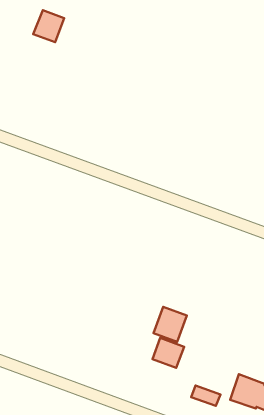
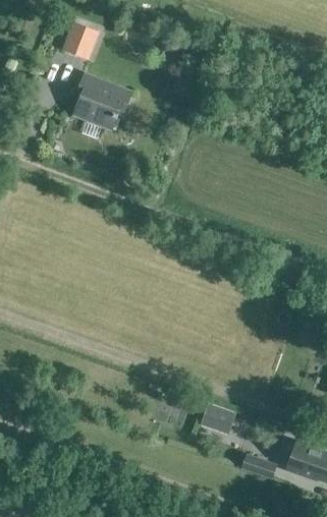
building: none -> [75,73,132,129]
building: [153,307,187,342] -> none

